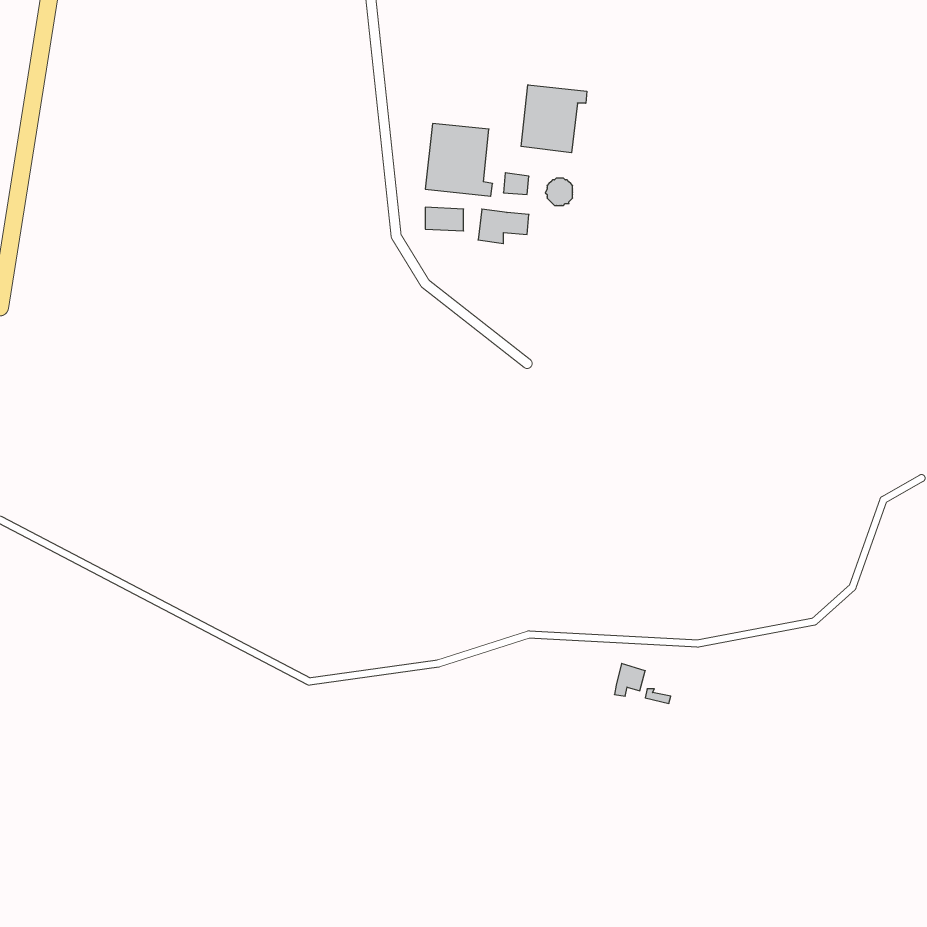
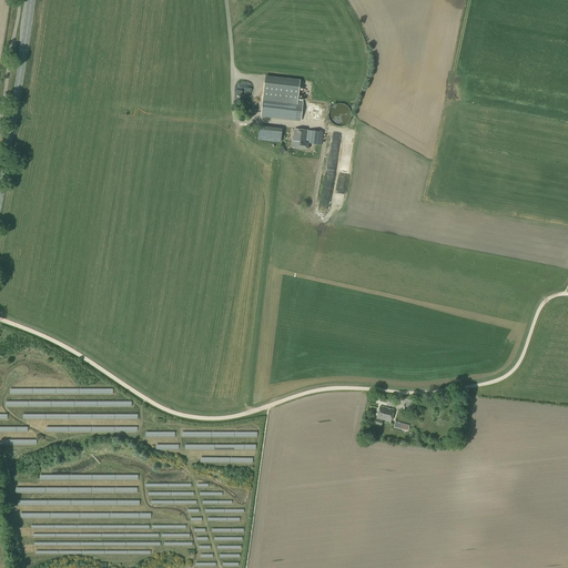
building: [521,85,587,153] -> none

